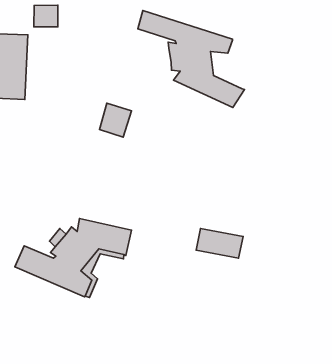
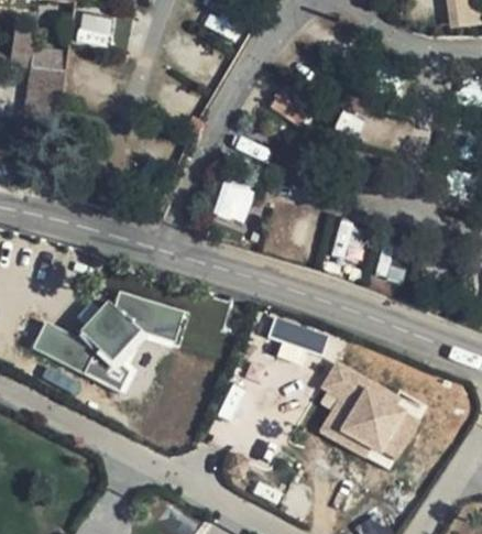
building: [138,11,245,107] -> none
building: [100,103,131,137] -> [213,176,256,221]
building: none -> [309,362,426,469]

